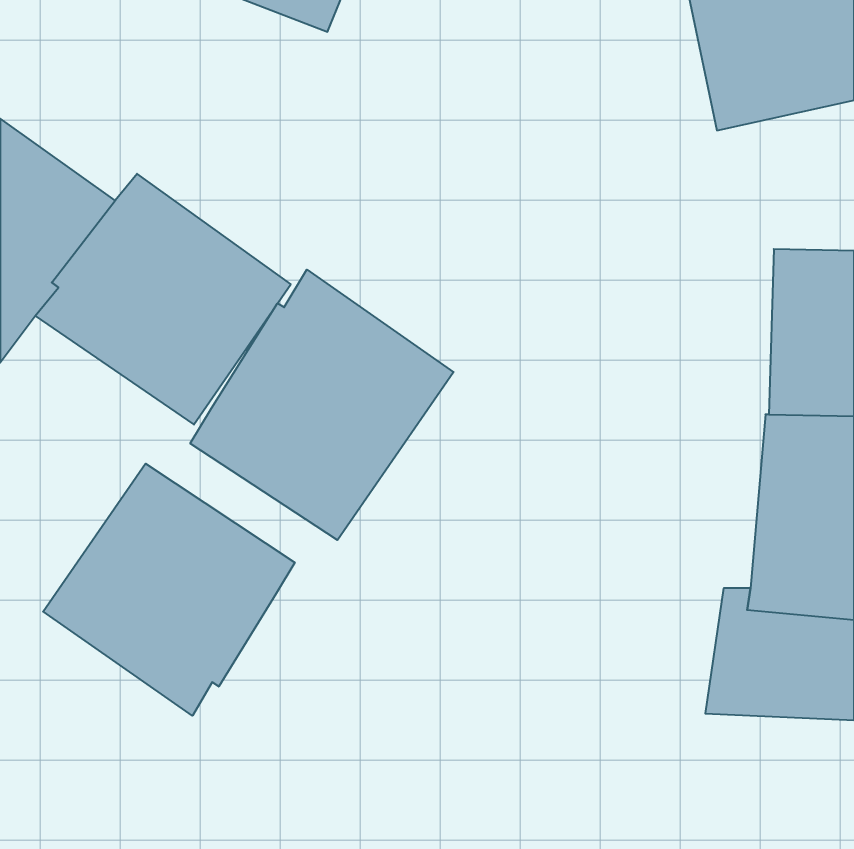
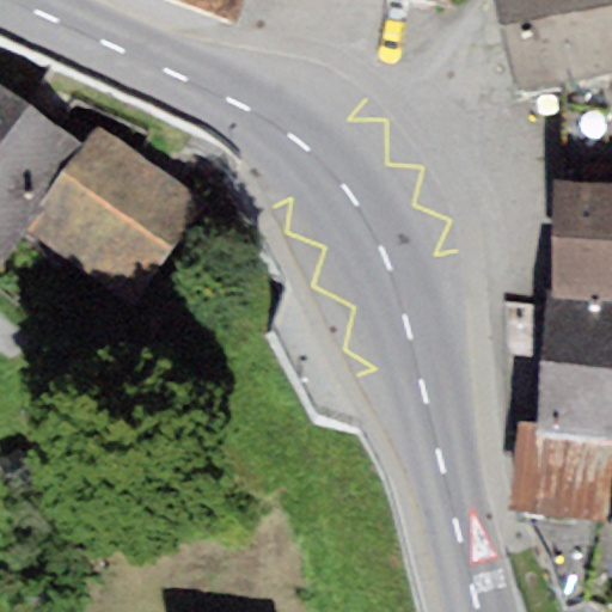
building: [190,270,454,540] -> none
building: [43,464,295,716] -> none

